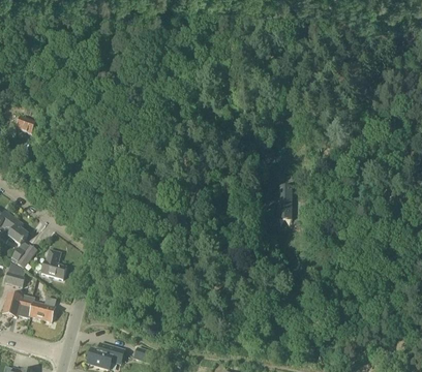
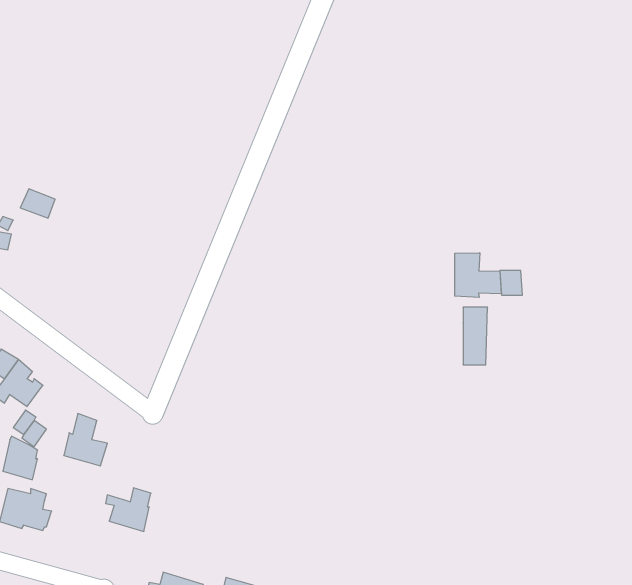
building: none -> [455,253,501,297]
building: [29,296,56,321] -> [106,488,151,531]

